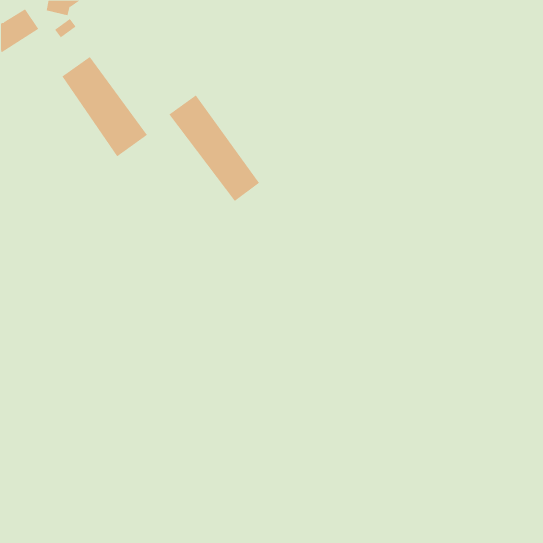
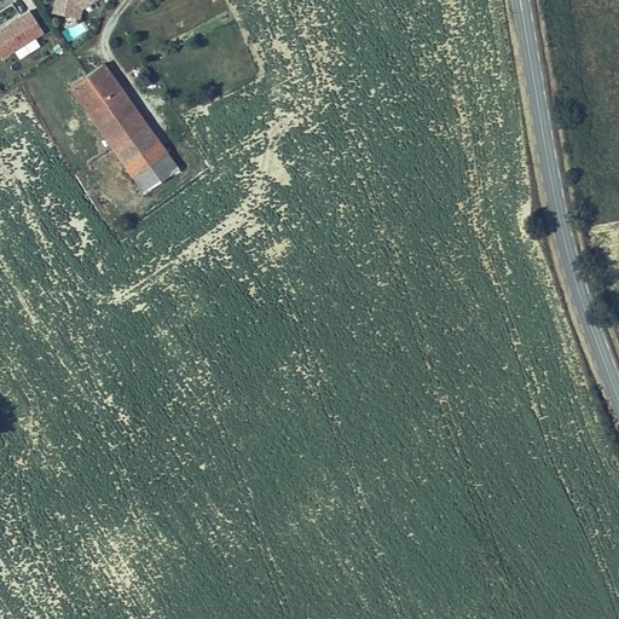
building: [169,94,260,202] -> none
building: none -> [133,154,179,195]

